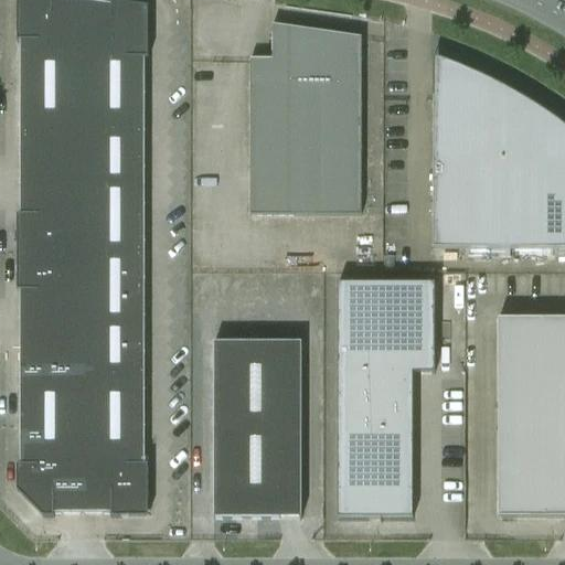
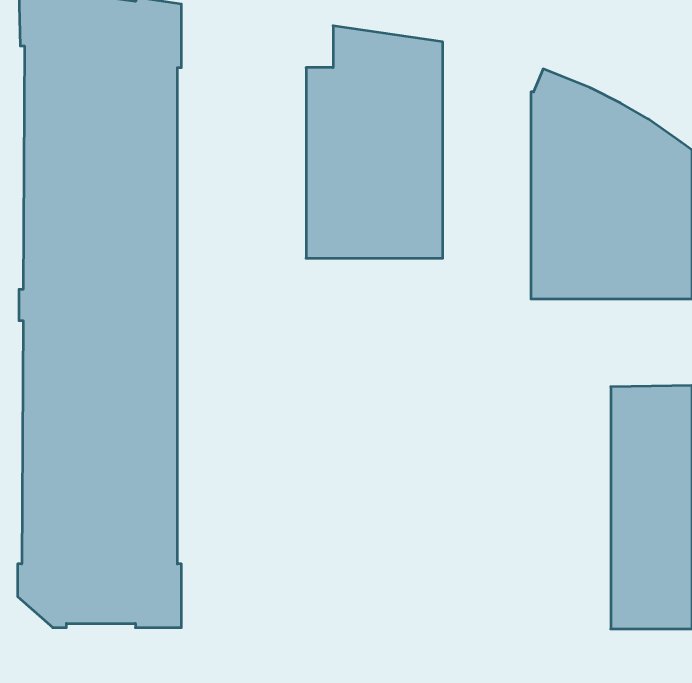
building: [337,281,434,513] -> none
building: [213,339,301,513] -> none

